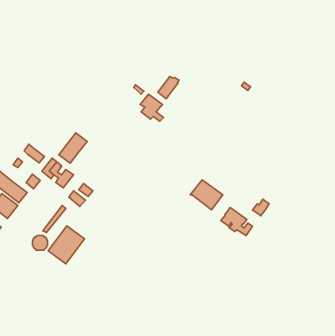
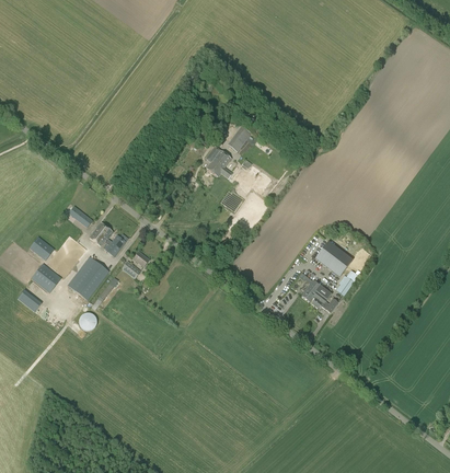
building: [59,133,87,163] -> none
building: [190,180,223,210] -> [314,241,353,276]
building: [48,226,84,264] -> [67,255,109,300]

